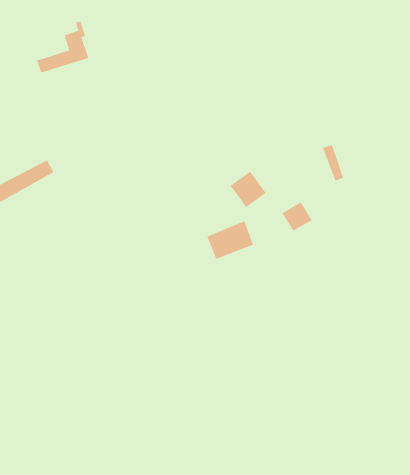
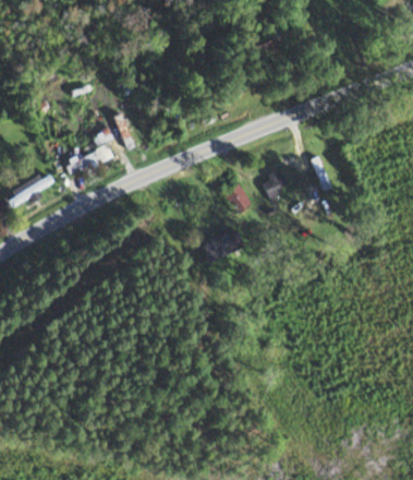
building: [36,21,89,73] -> [64,124,114,173]
building: [281,202,313,232] -> [259,168,289,196]

